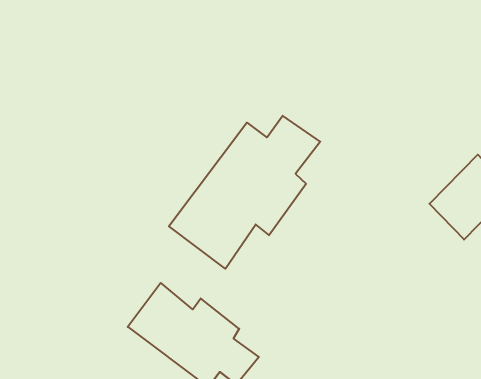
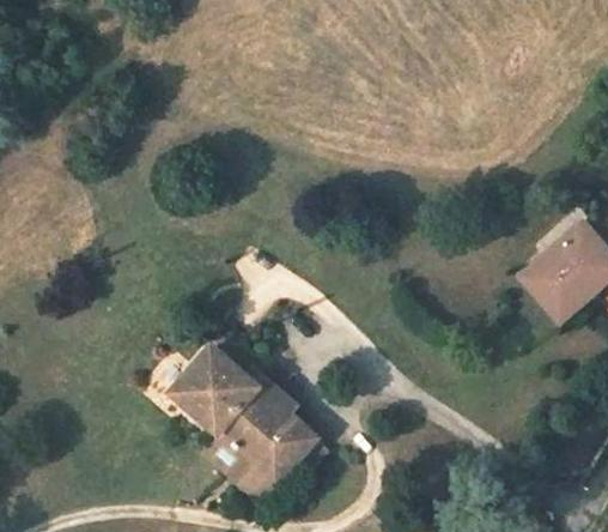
building: [169,116,320,269] -> none

